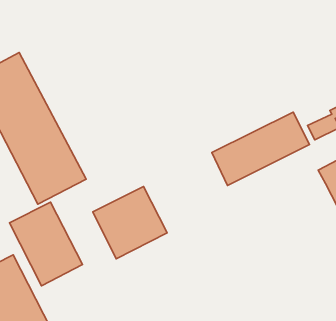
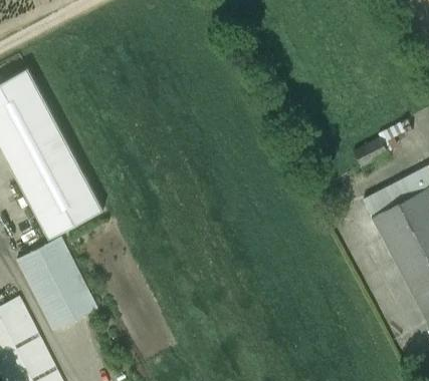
building: [212,112,310,186] -> none
building: [93,187,167,259] -> none

